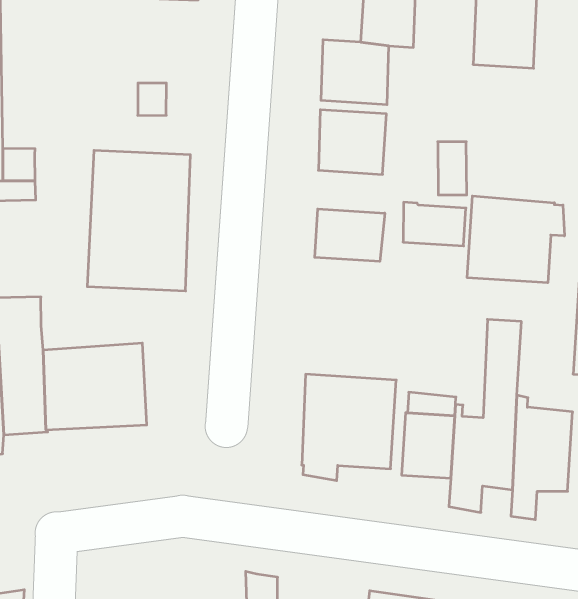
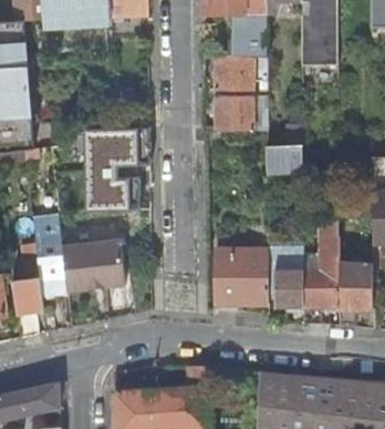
building: [467,196,564,283] -> none
building: [315,209,385,261] -> none

